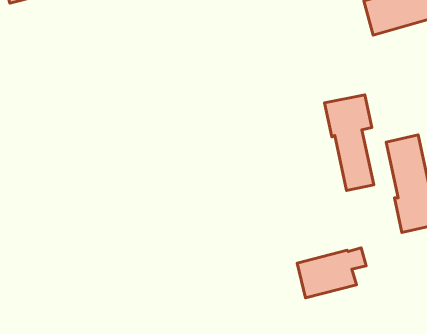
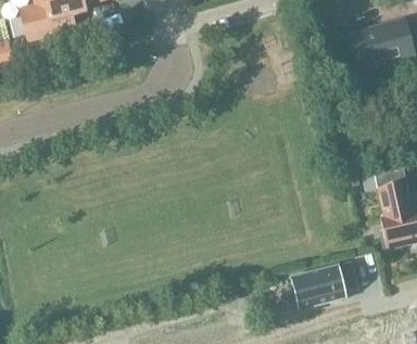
building: [325,95,374,190] -> none

